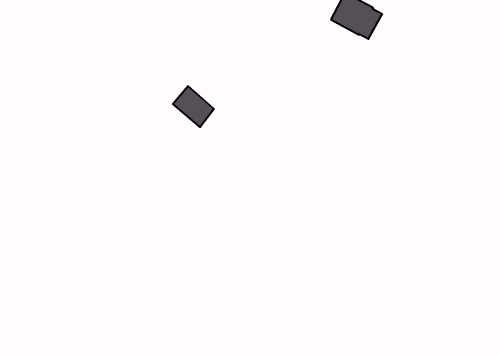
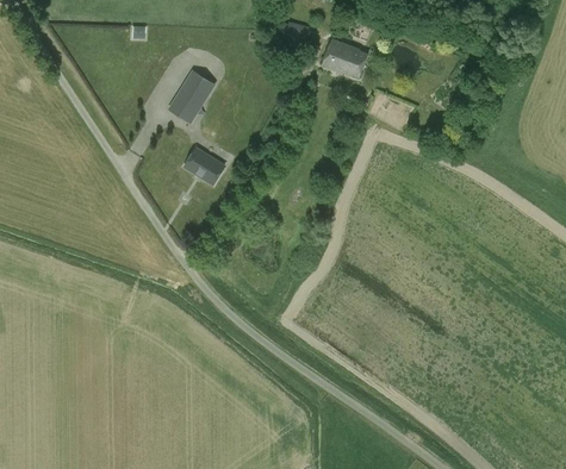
building: none -> [168,71,212,121]

